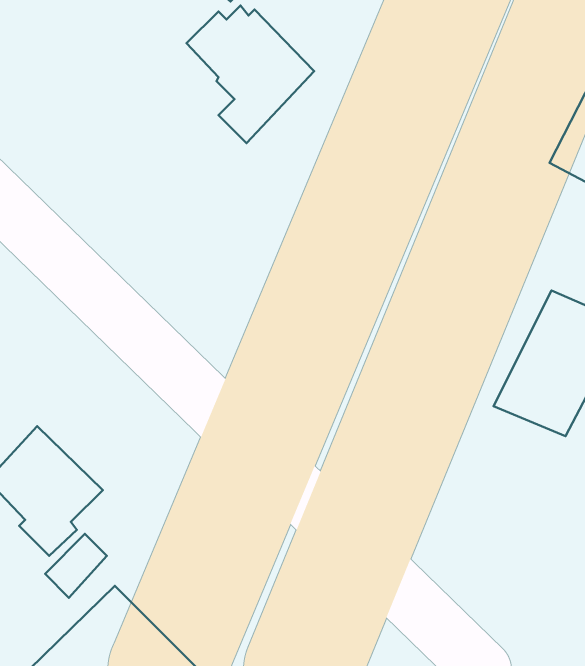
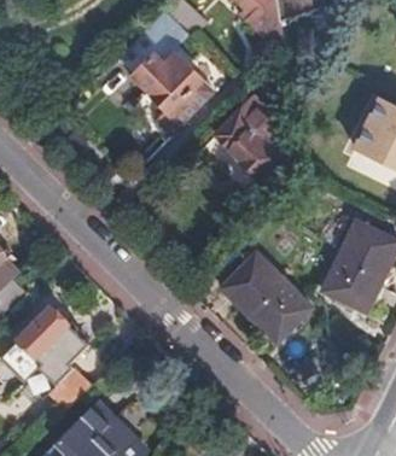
building: none -> [210,92,284,185]
building: none -> [216,253,308,344]

